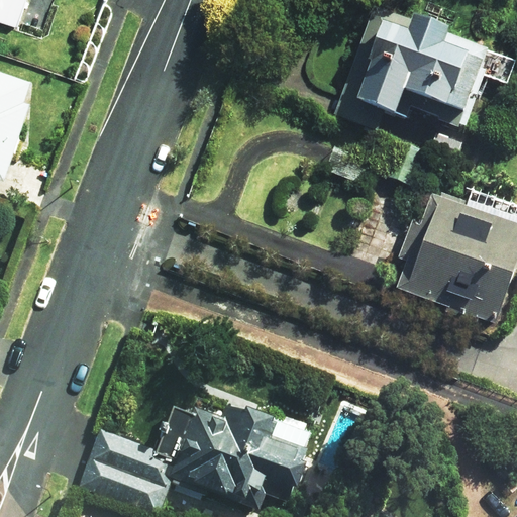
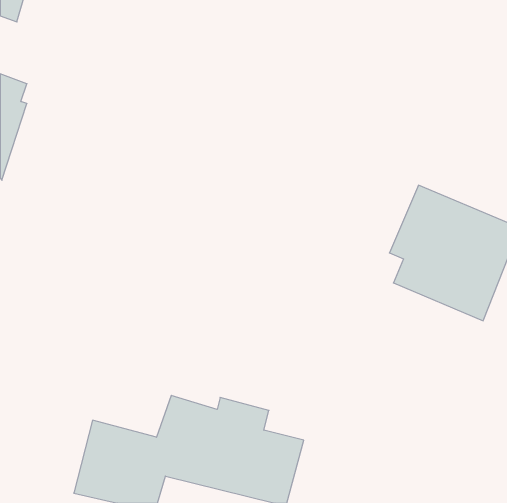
building: [353,21,485,120] -> none

